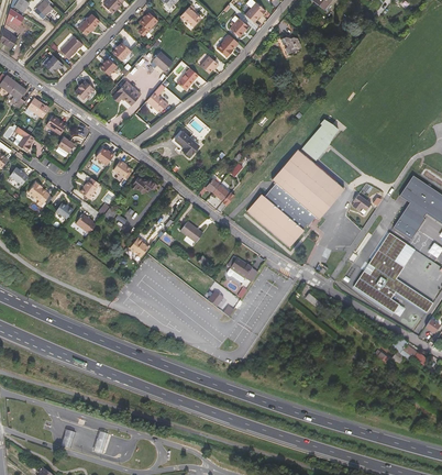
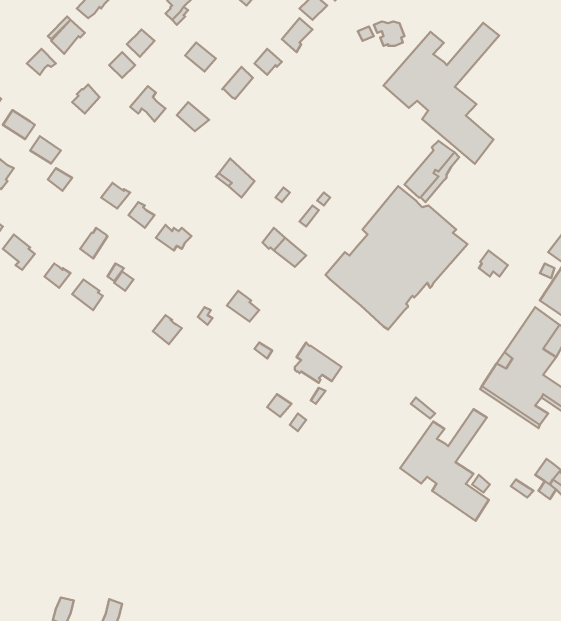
building: none -> [383,23,499,164]
building: none -> [400,409,489,521]

